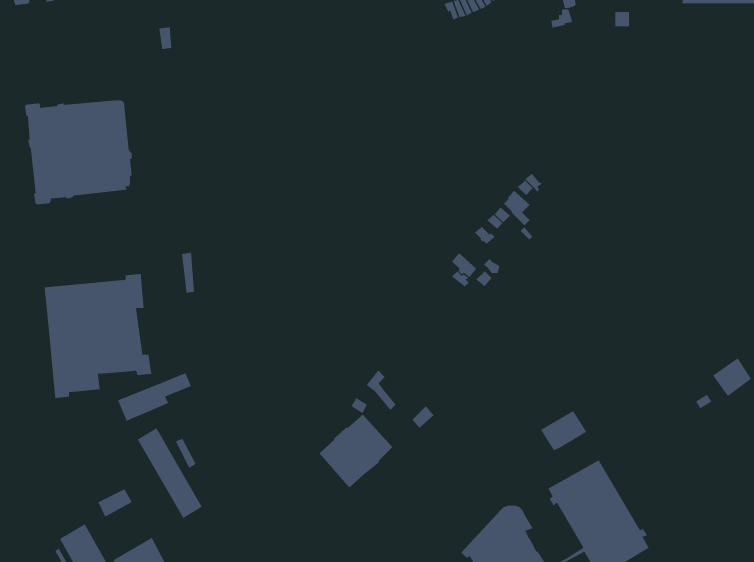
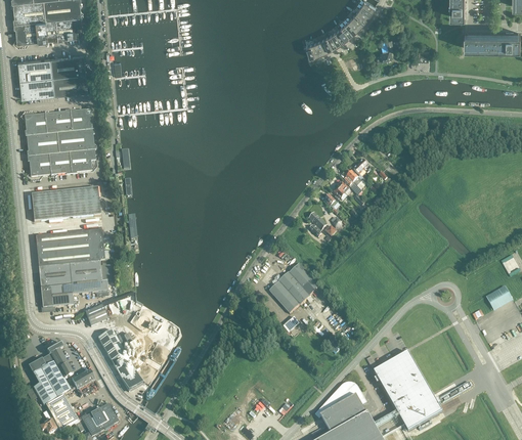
building: none -> [17,54,87,97]
building: none -> [31,187,100,221]
building: [540,410,587,451] -> none
building: [319,414,393,488] -> [269,263,319,313]
building: none -> [29,342,74,404]

